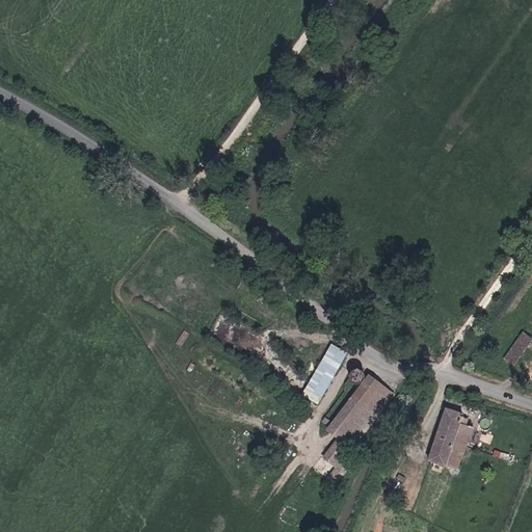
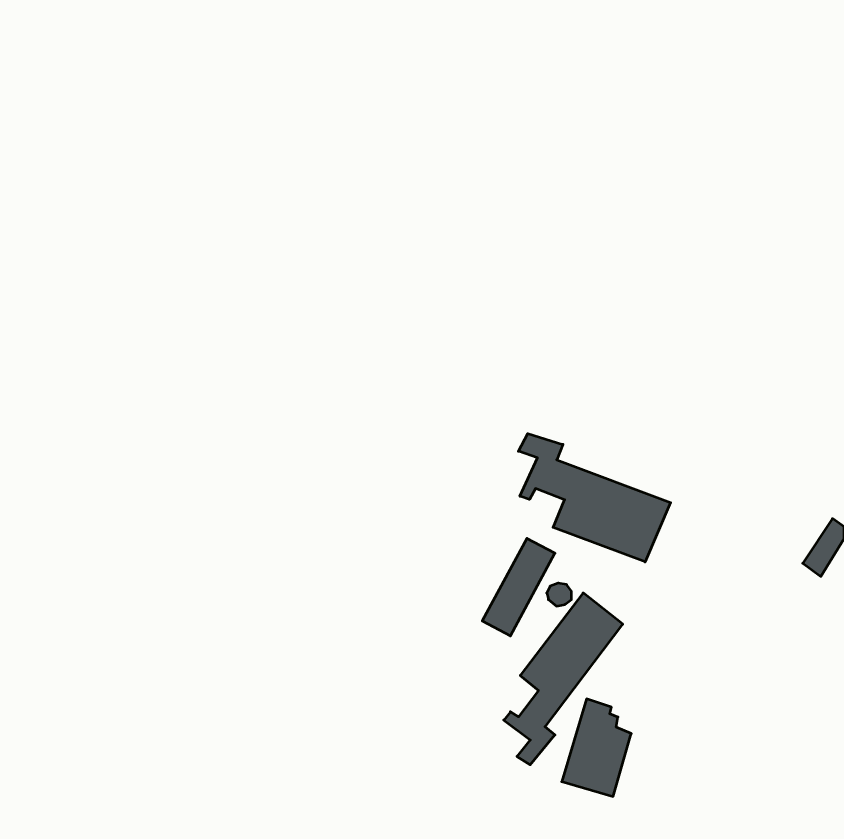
building: none -> [518,434,671,562]
building: [429,409,473,471] -> [562,699,631,796]

